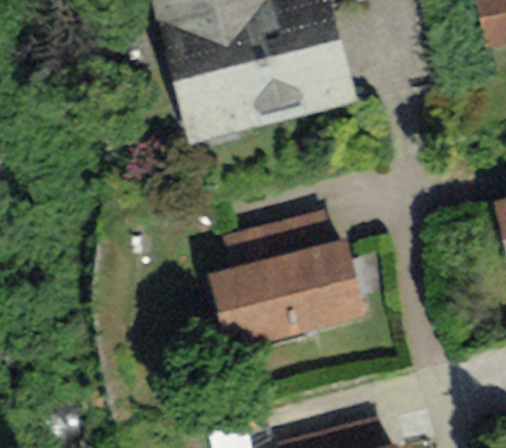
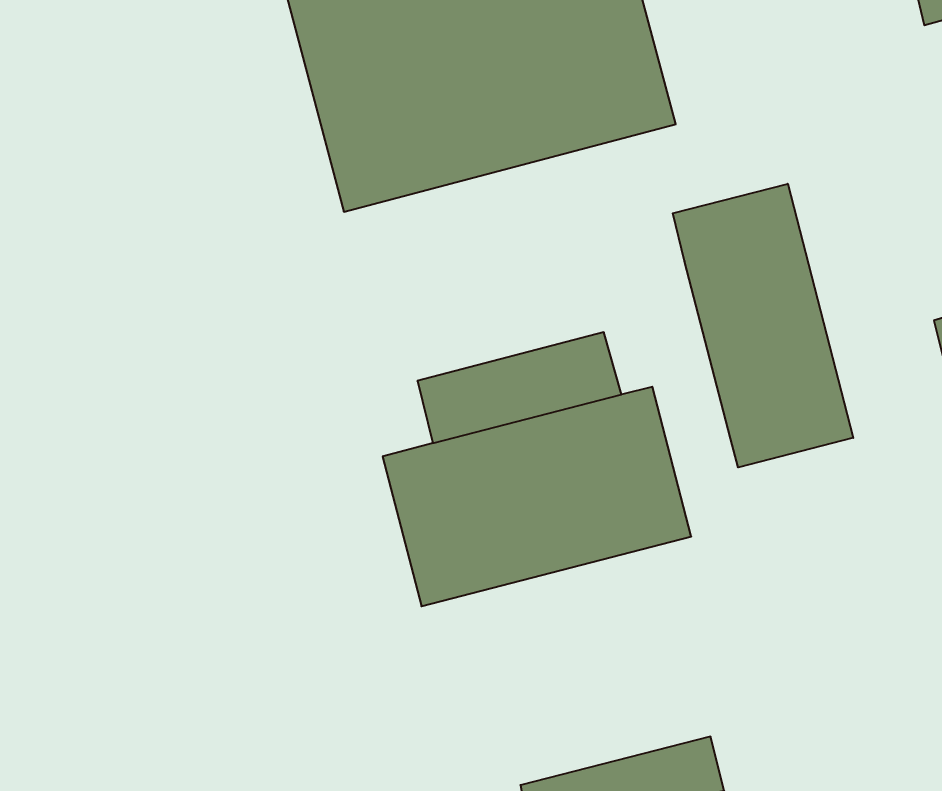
building: none -> [673,184,853,467]

